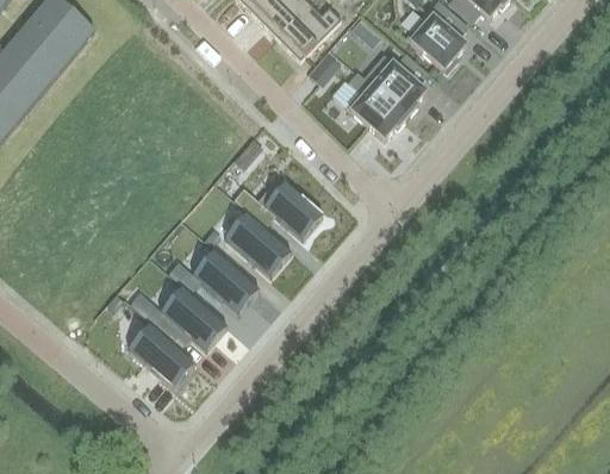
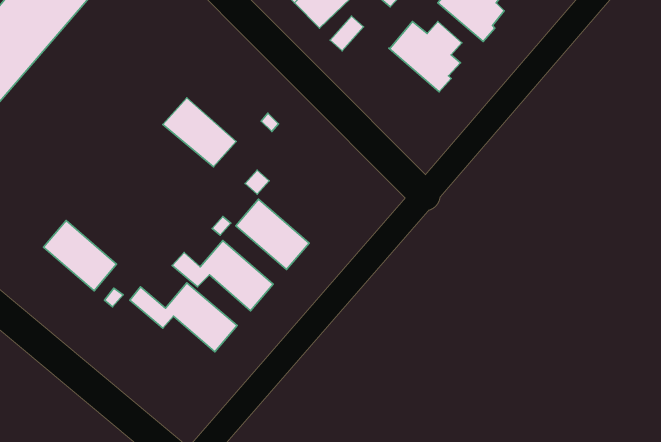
building: [347,71,407,138] -> none
building: [257,176,323,238] -> [163,98,236,167]
building: [129,324,194,387] -> [44,220,117,291]

